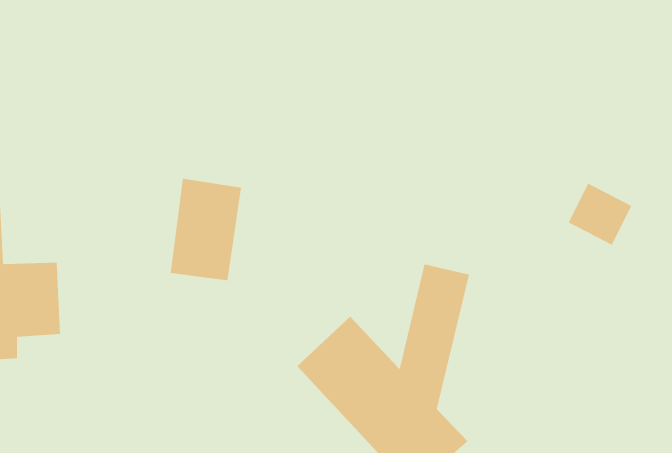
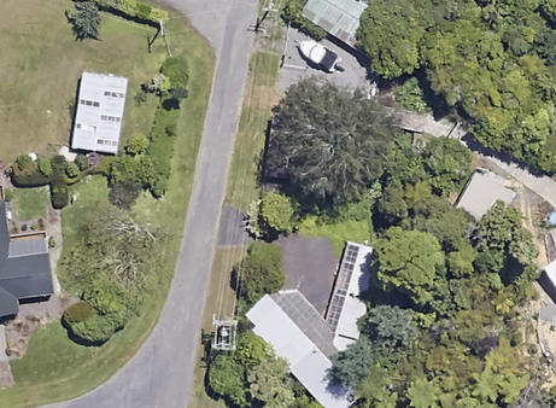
building: [170,178,242,281] -> [72,71,129,152]

